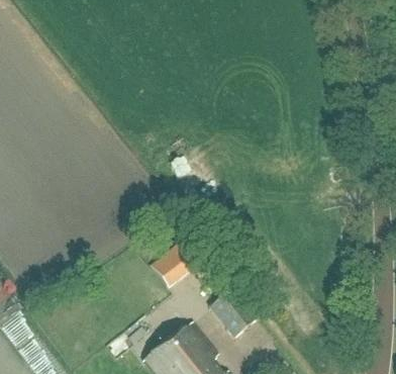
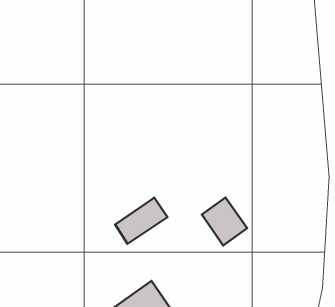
building: [209,287,257,337] -> [202,197,247,245]

